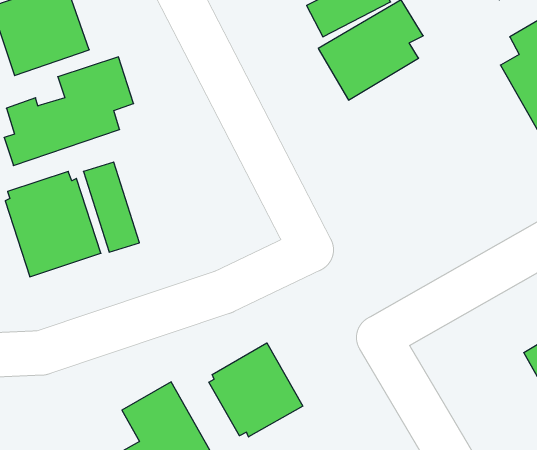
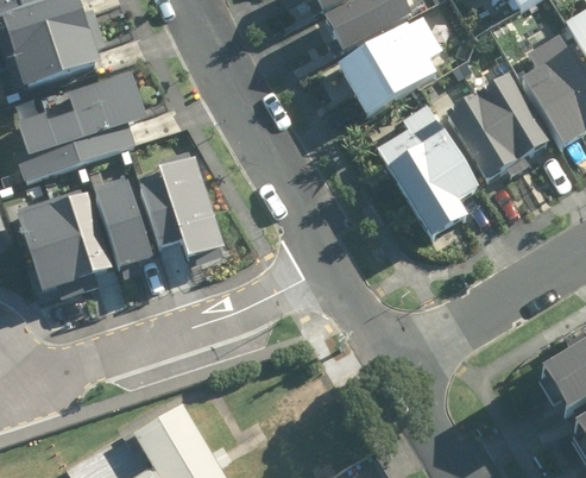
building: none -> [443,75,548,181]
building: none -> [374,102,479,237]
building: none -> [140,150,225,260]
building: [209,343,303,437] -> none

